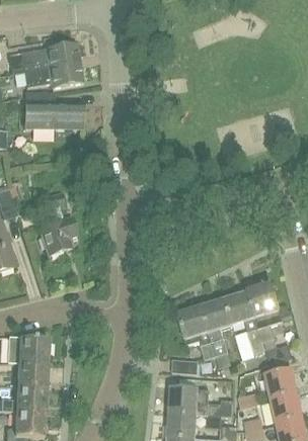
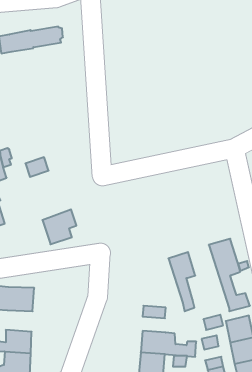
building: [23,61,82,87] -> none
building: [23,91,82,127] -> none
building: [38,215,77,255] -> [42,209,76,244]
building: [223,289,270,364] -> none
building: [176,304,217,358] -> none
building: [16,363,47,387] -> none

